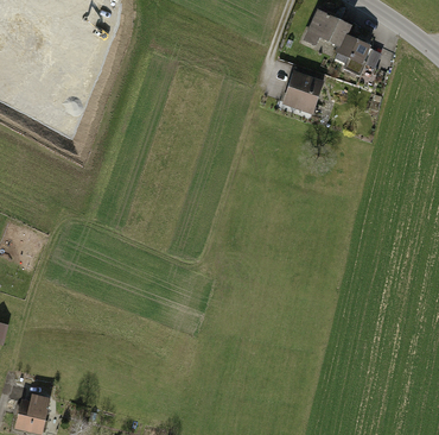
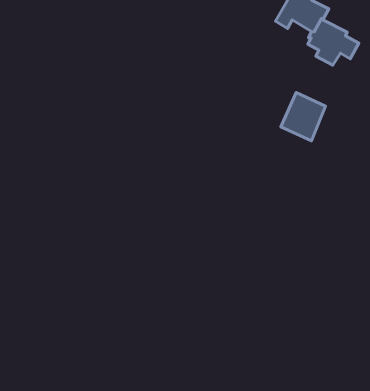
building: [282,70,323,114] -> [281,92,326,141]

